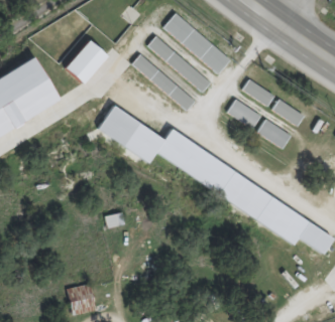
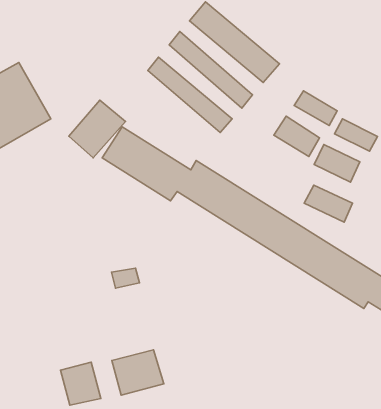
building: [66,40,108,84] -> [69,100,125,158]
building: none -> [304,185,353,222]
building: none -> [112,350,164,395]

